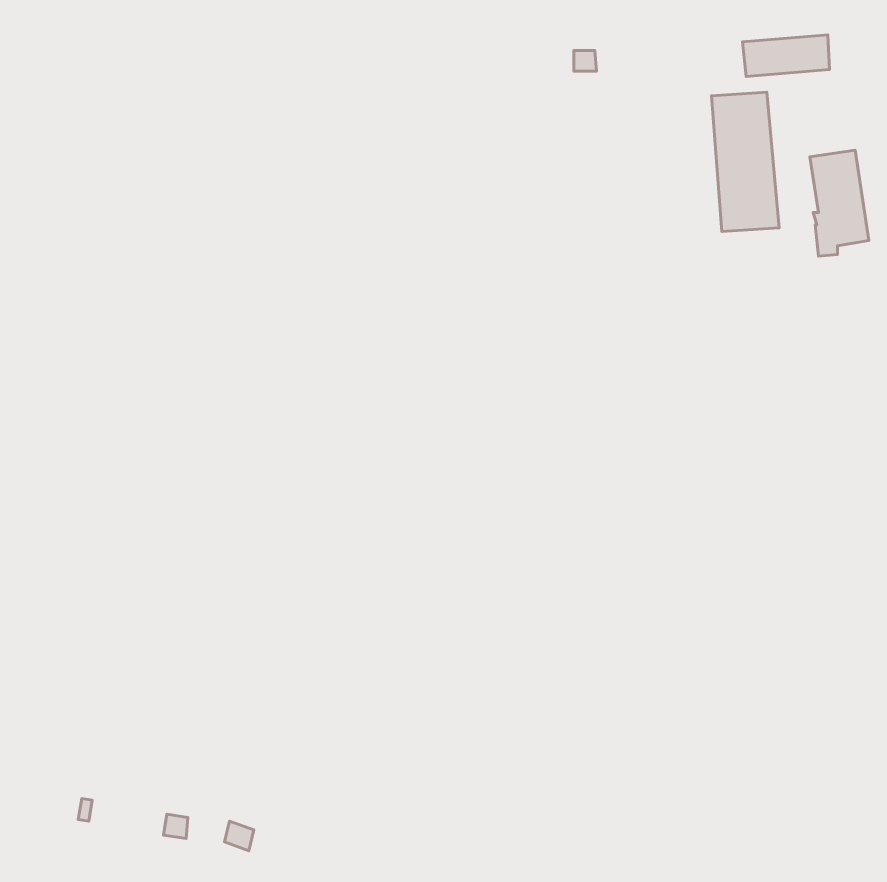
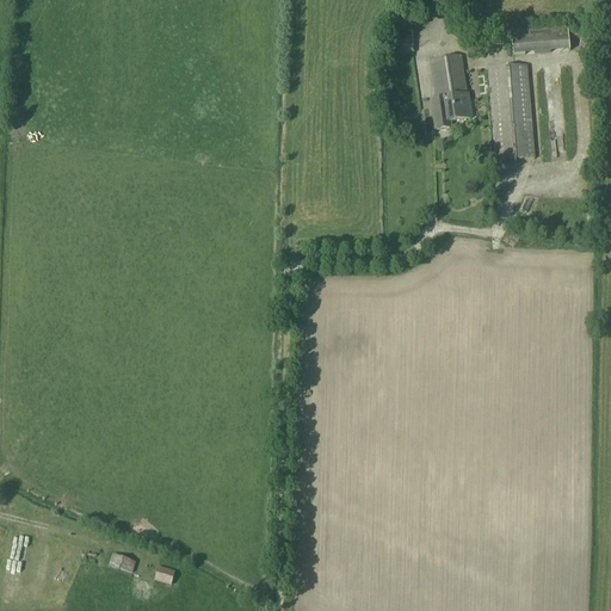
building: [810,150,869,256] -> [431,54,471,126]

